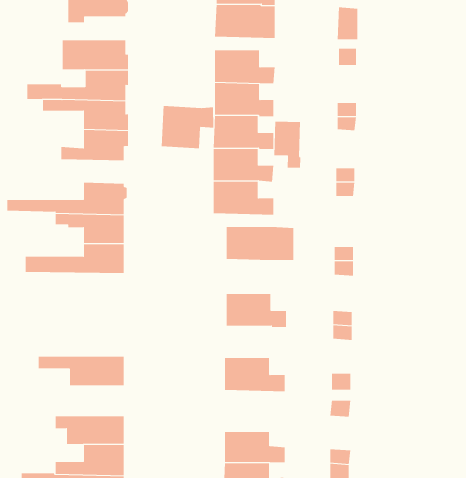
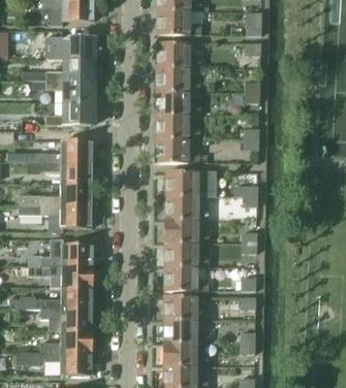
building: [161,105,214,149] -> none
building: [274,121,301,168] -> none
building: none -> [165,196,210,221]
building: none -> [20,205,93,232]
building: none -> [29,238,92,266]
building: none -> [164,245,209,268]
building: none -> [10,288,92,310]
building: none -> [164,297,209,321]

